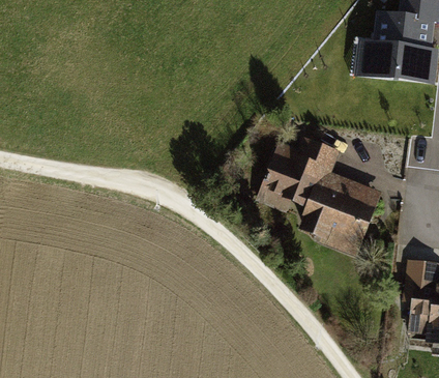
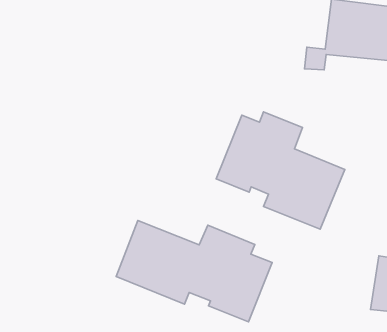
building: none -> [116,220,272,322]

